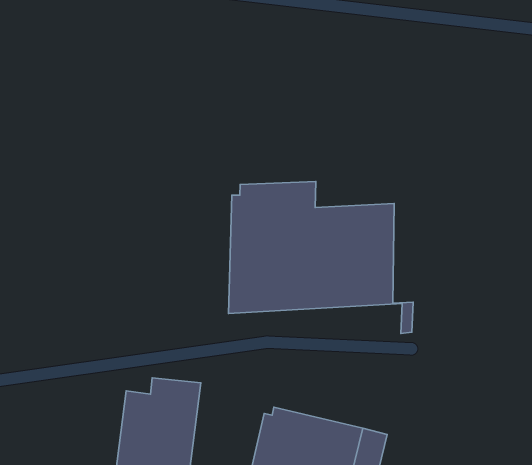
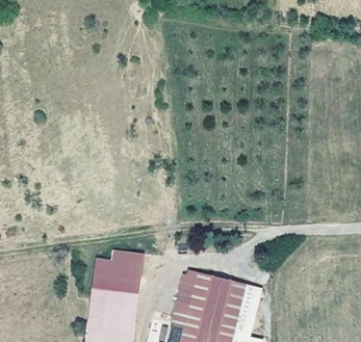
building: [228,181,413,333] -> none

